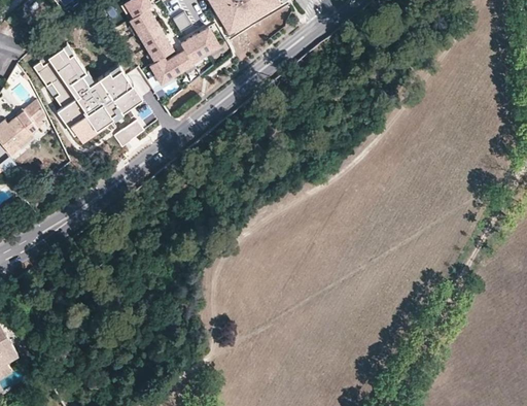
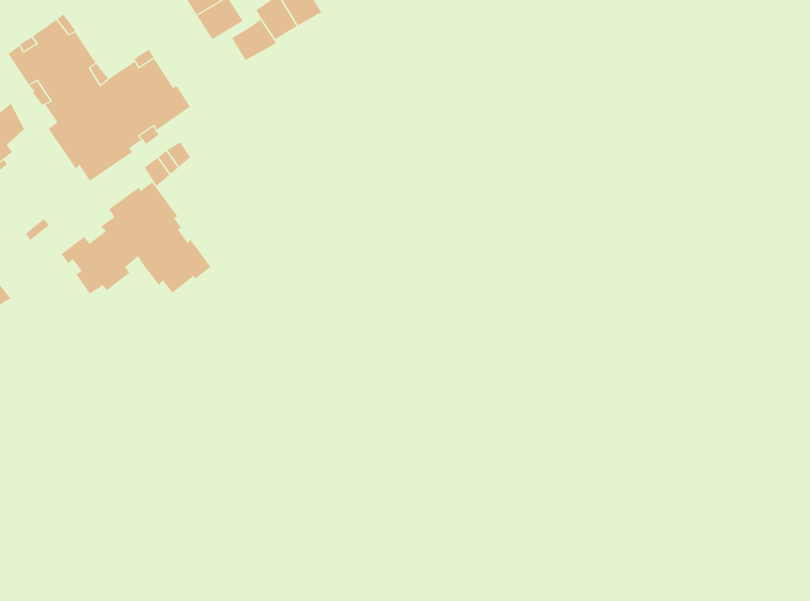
building: [150,50,177,83] -> none
building: none -> [61,181,211,294]

